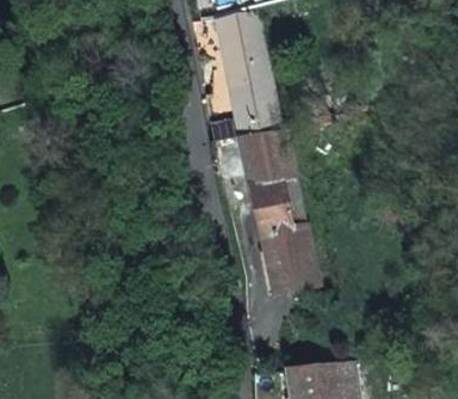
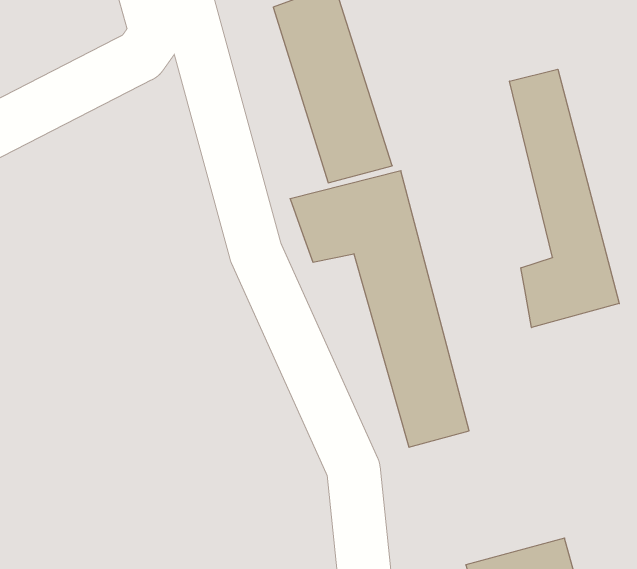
building: none -> [510,69,619,328]

